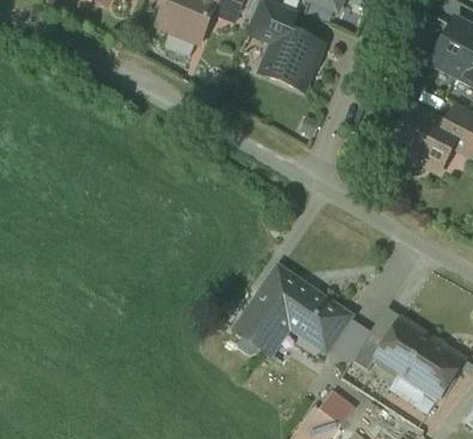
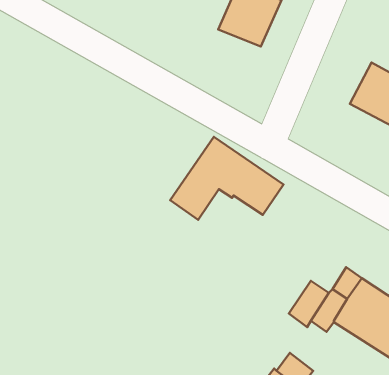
building: [235,268,346,349] -> [170,137,283,220]

